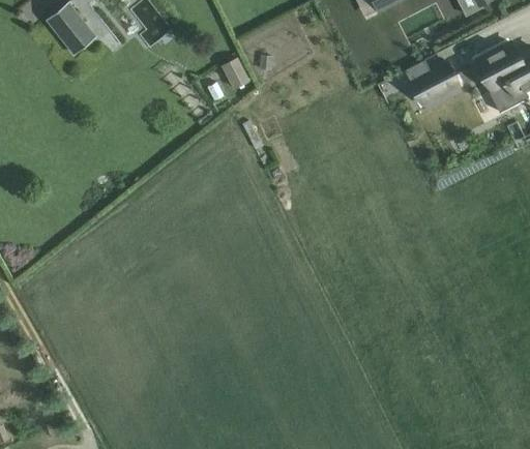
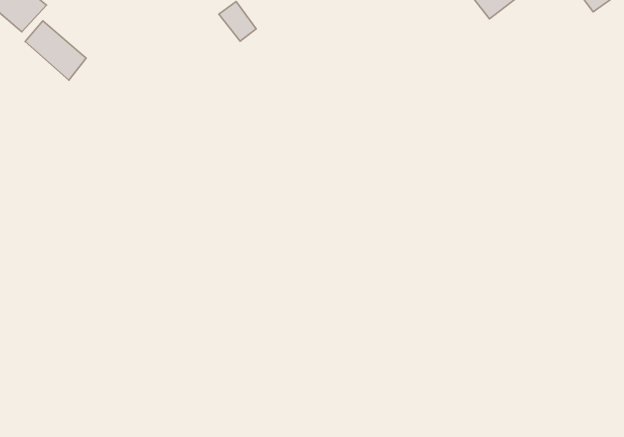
building: none -> [25,21,86,80]

